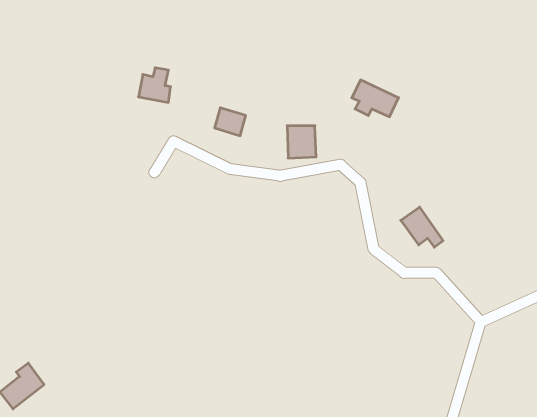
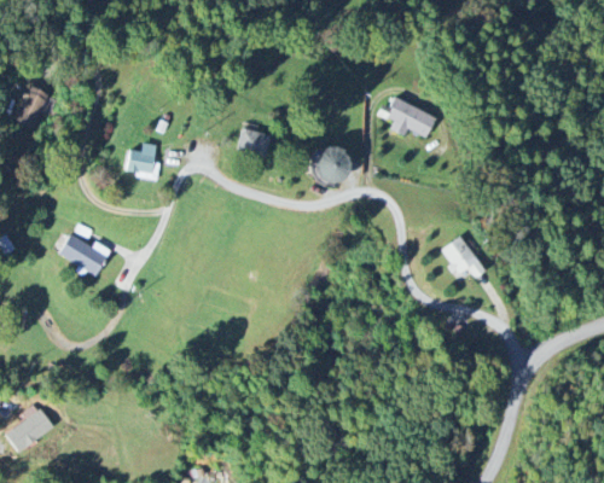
building: [138,68,171,102] -> [124,141,159,179]
building: none -> [13,85,48,129]
building: none -> [58,233,110,274]

